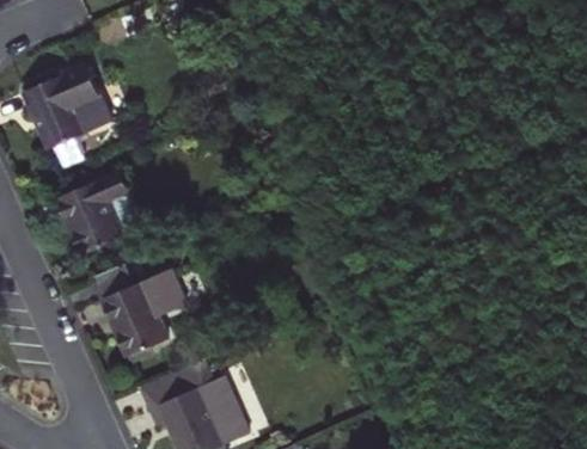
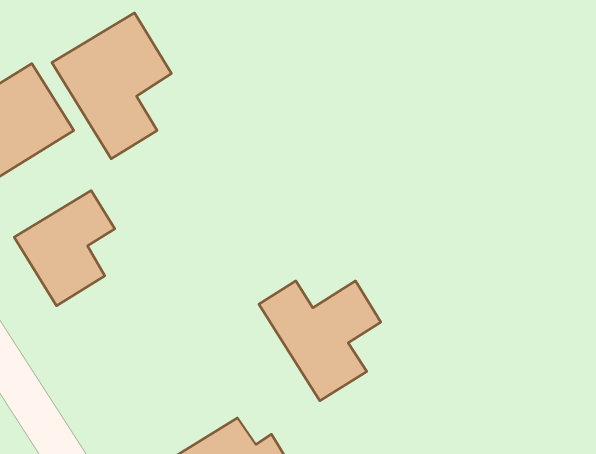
building: none -> [52,13,172,159]
building: [94,263,185,357] -> [259,281,381,401]

